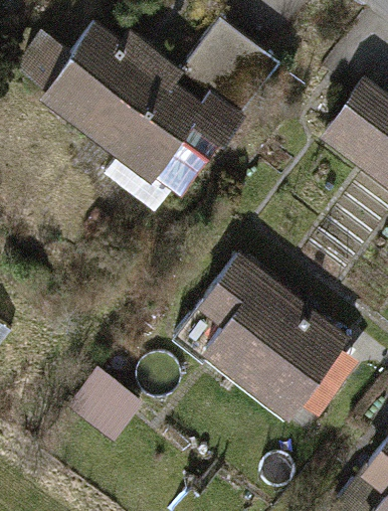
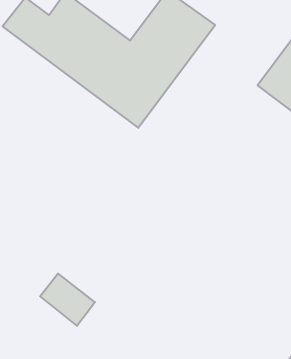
building: [192,268,346,412] -> none

